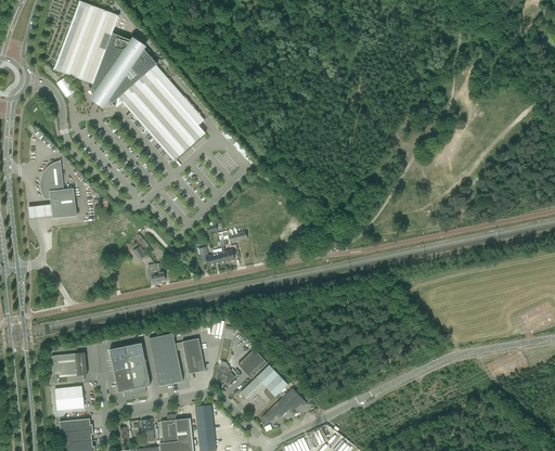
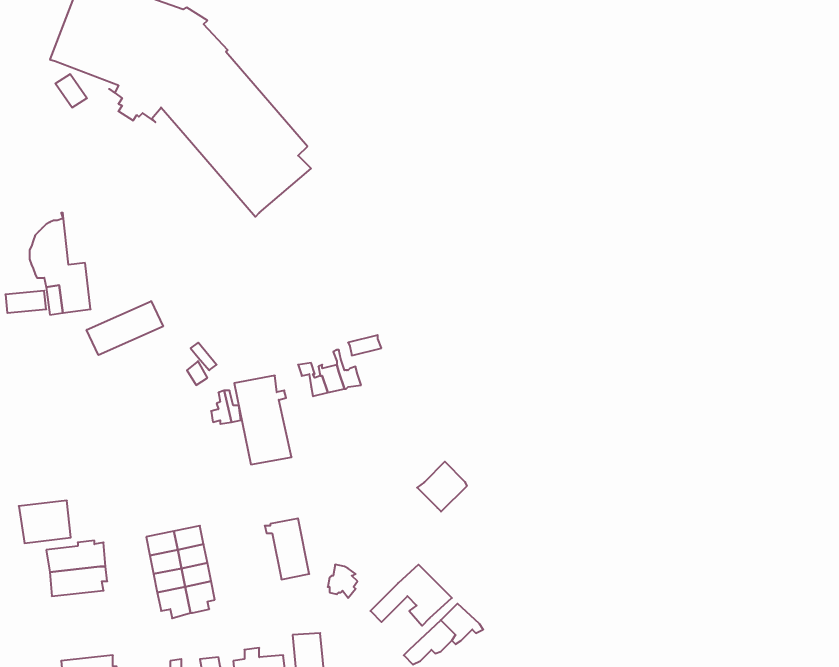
building: none -> [87,301,163,355]
building: [150,334,183,386] -> [234,376,292,464]
building: [237,349,267,378] -> [417,462,467,512]
building: [54,386,85,411] -> [19,501,71,543]

